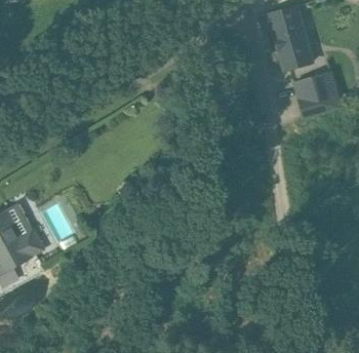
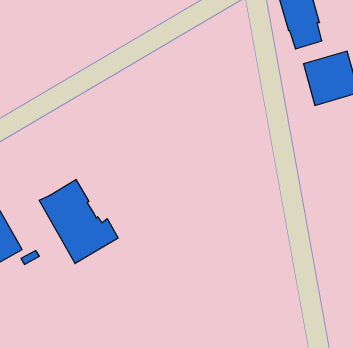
building: none -> [39,179,118,264]

